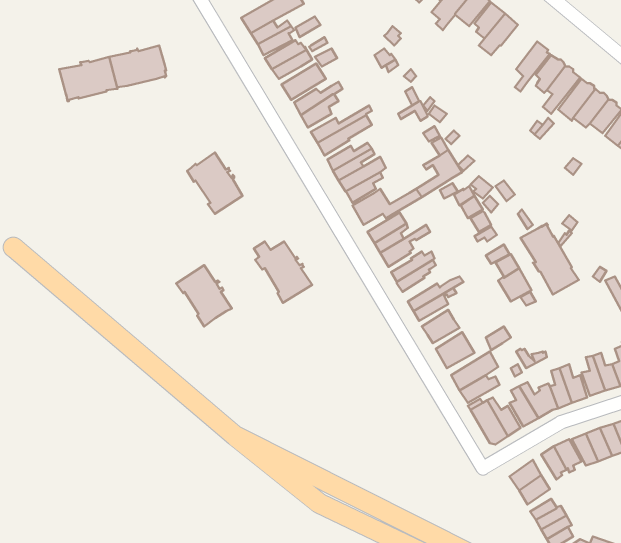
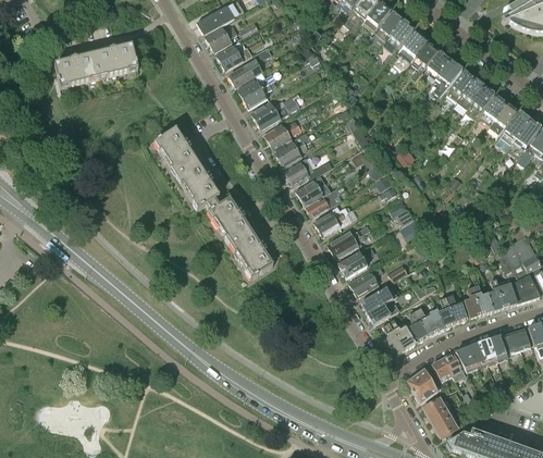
building: none -> [398,29,428,62]
building: [521,223,579,294] -> none
building: [176,265,232,326] -> [175,161,219,209]
building: none -> [229,231,273,278]

